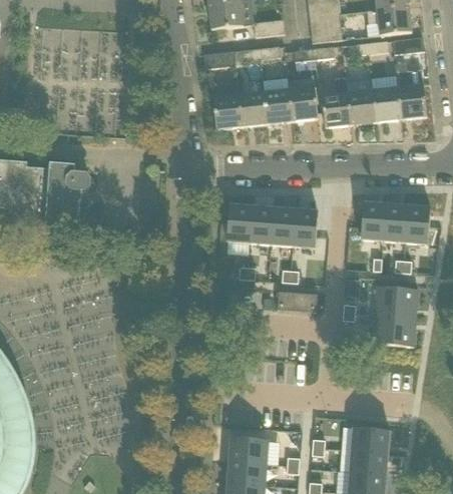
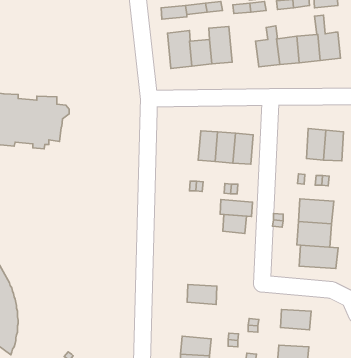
building: [289,86,318,120] -> none
building: [361,201,386,239] -> none
building: [226,203,253,241] -> none
building: none -> [223,214,247,233]
building: none -> [299,245,338,269]
building: [230,438,267,463] -> [187,284,217,305]
building: [350,449,388,473] -> none

